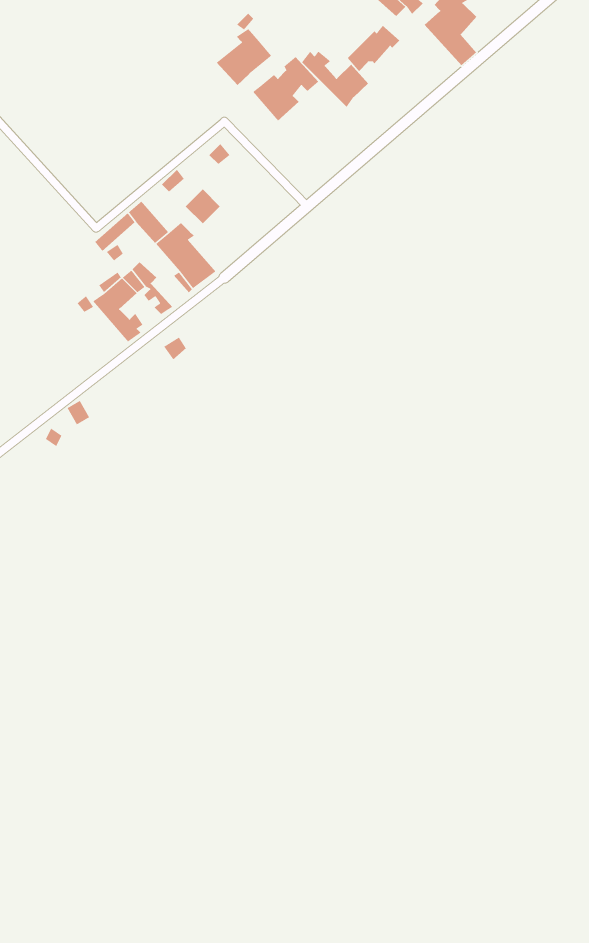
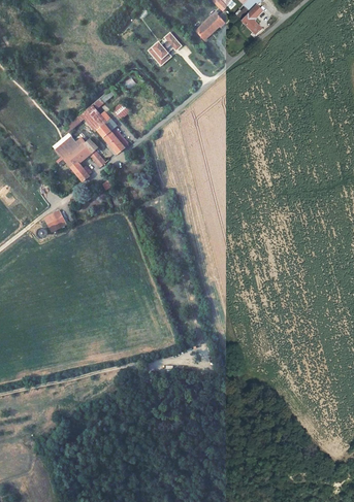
building: [216,28,272,86] -> none
building: [301,50,369,108] -> none

